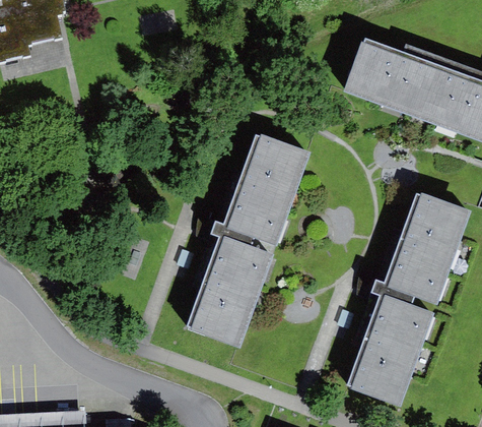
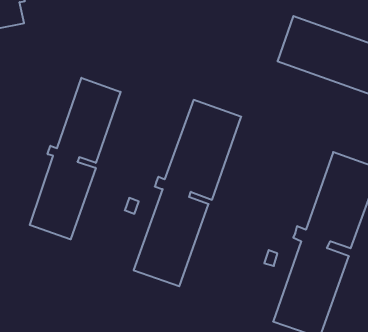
building: none -> [30,78,121,239]

